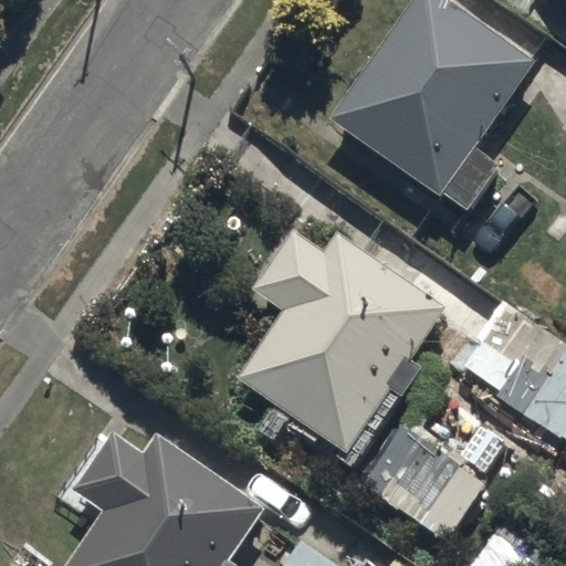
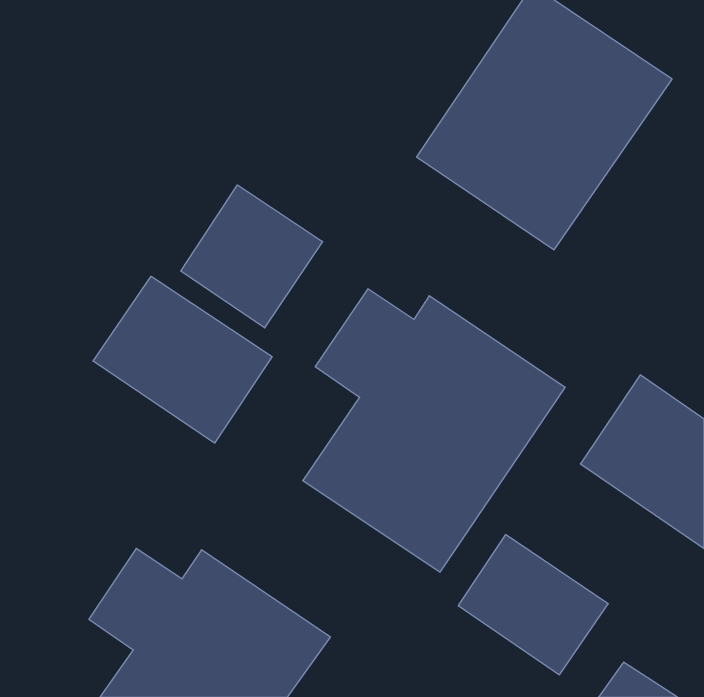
building: none -> [181,185,323,328]
building: none -> [93,276,272,443]

